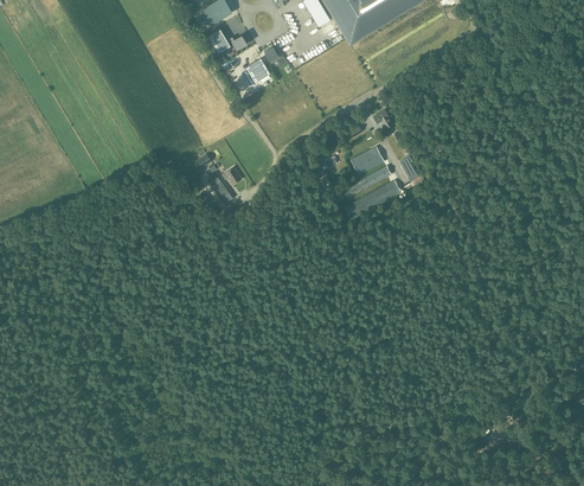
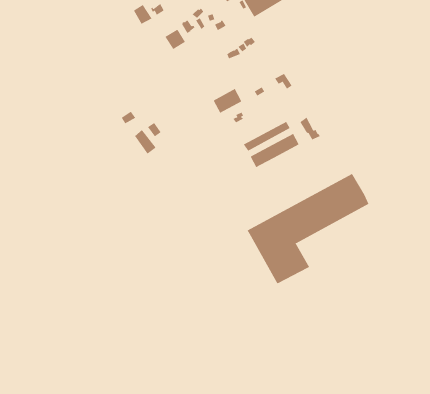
building: [351,145,385,174] -> [213,88,242,114]
building: none -> [247,173,369,285]

